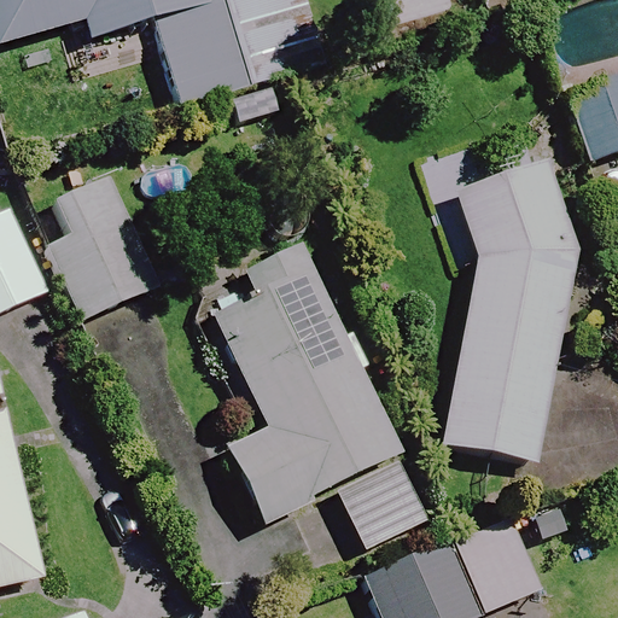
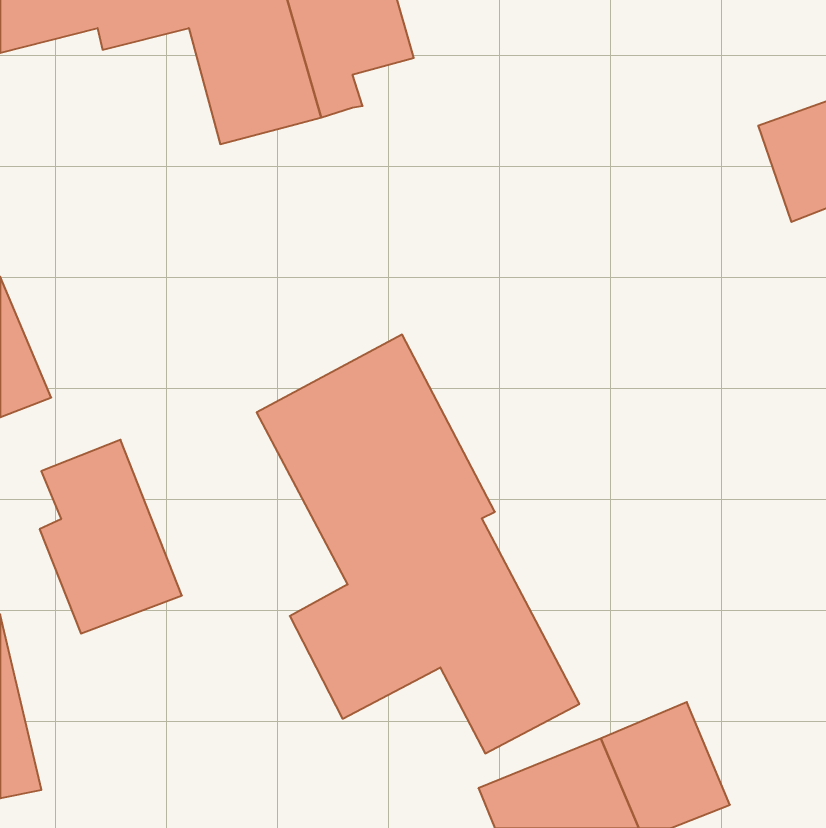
building: [443,159,575,461] -> none
building: [52,176,156,317] -> [40,440,182,634]

